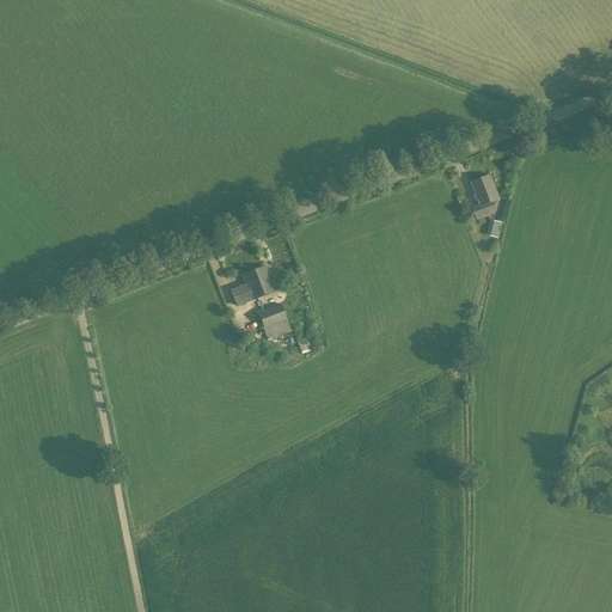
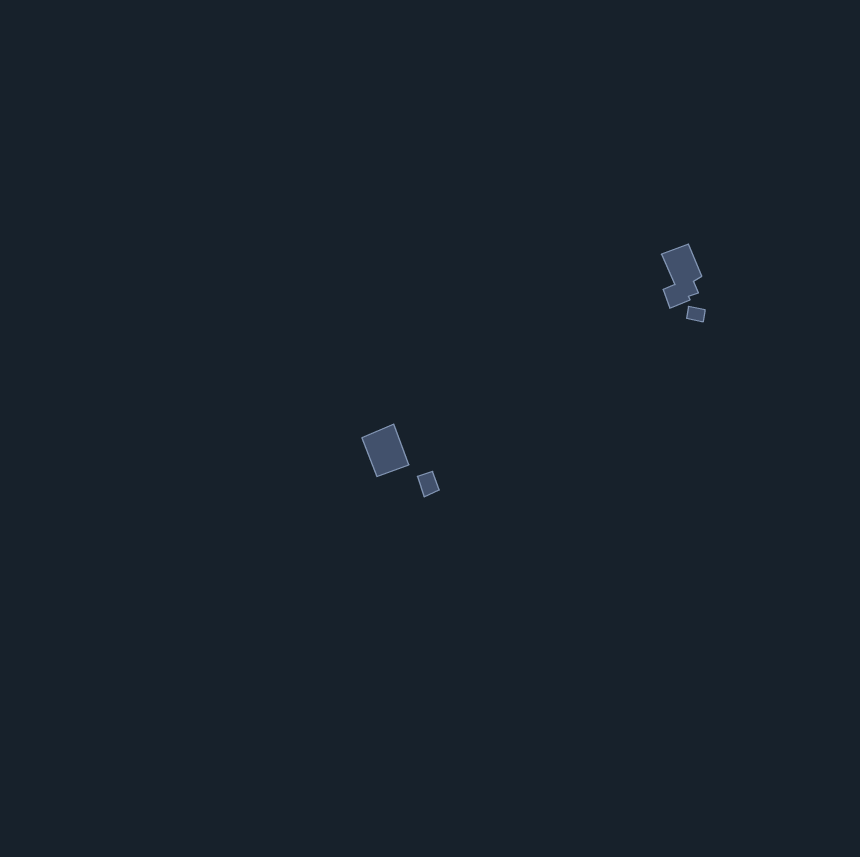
building: [230,264,275,304] -> none

